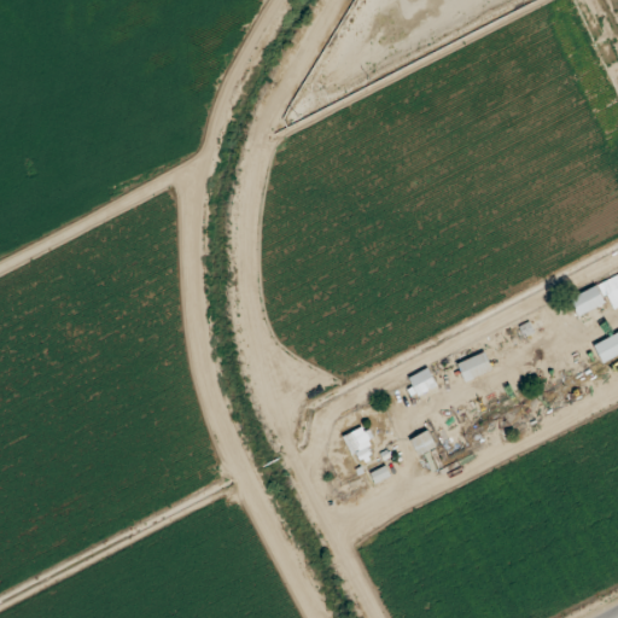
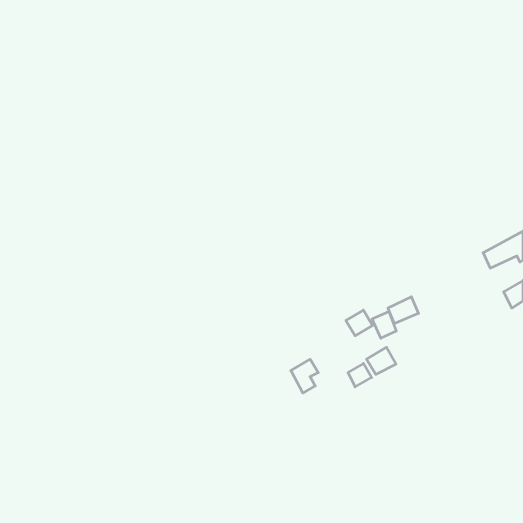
building: none -> [372,312,396,338]
building: none -> [367,347,396,374]

